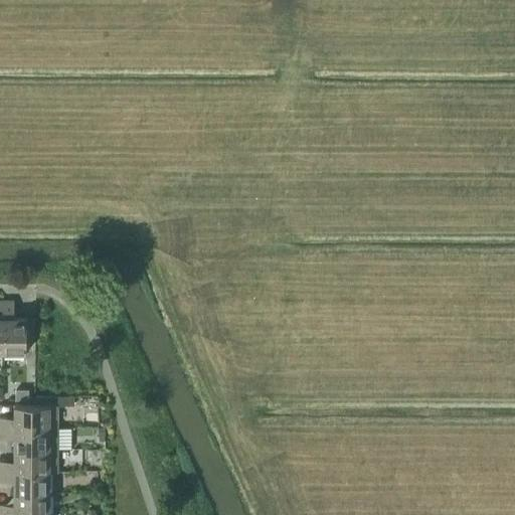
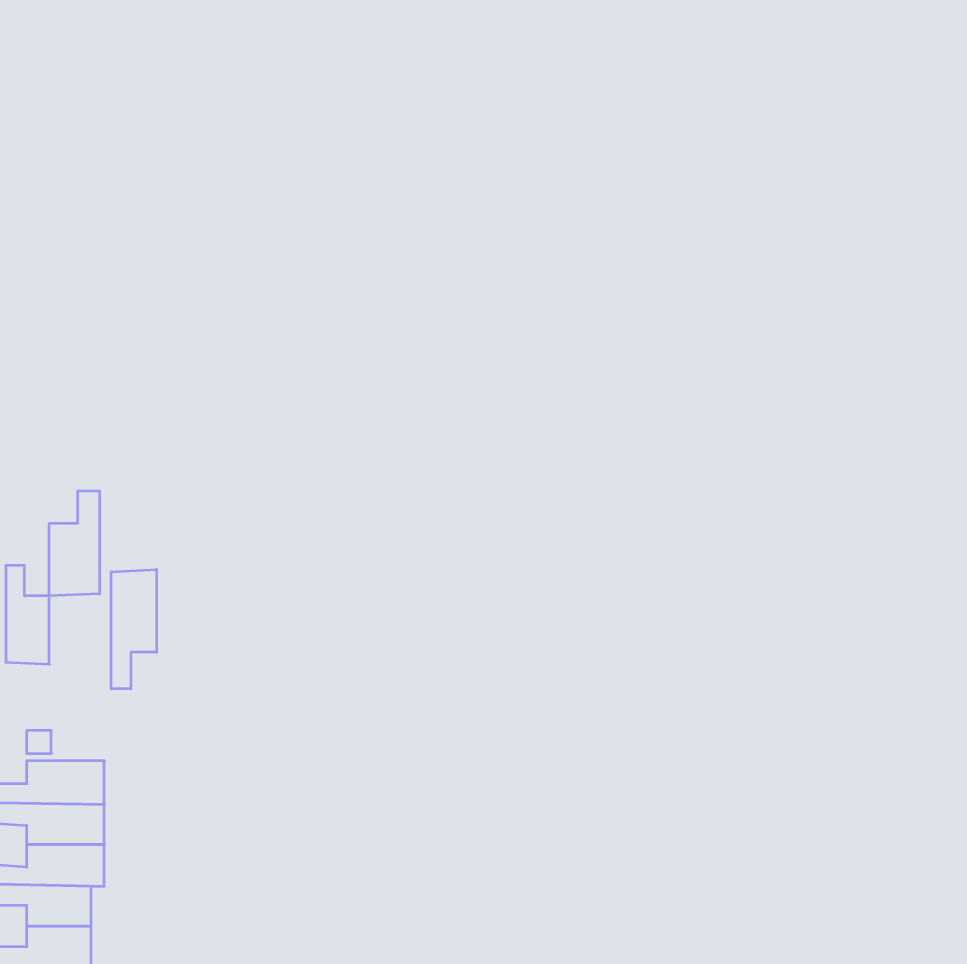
building: none -> [49,491,100,596]
building: none -> [111,569,157,689]

